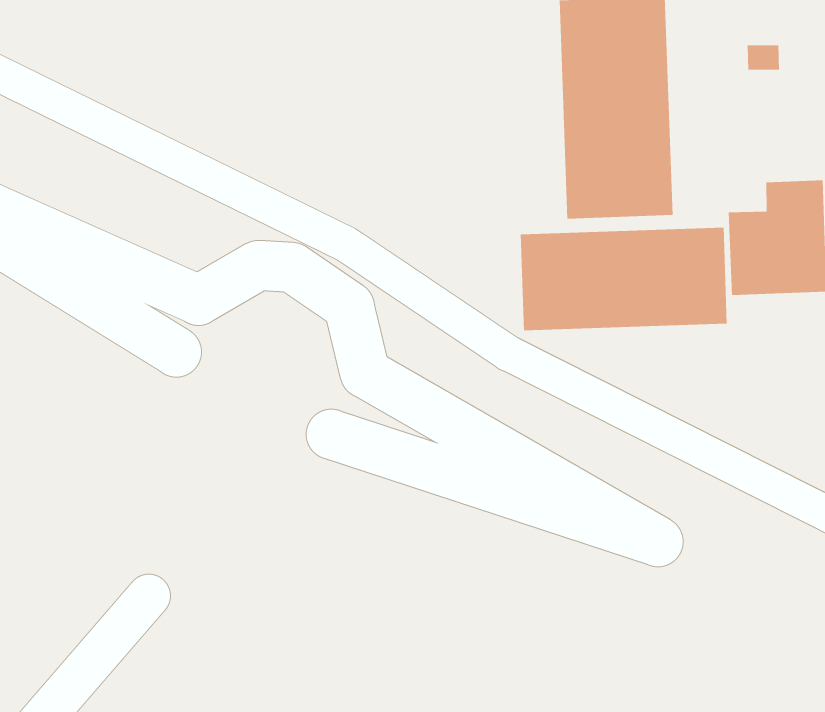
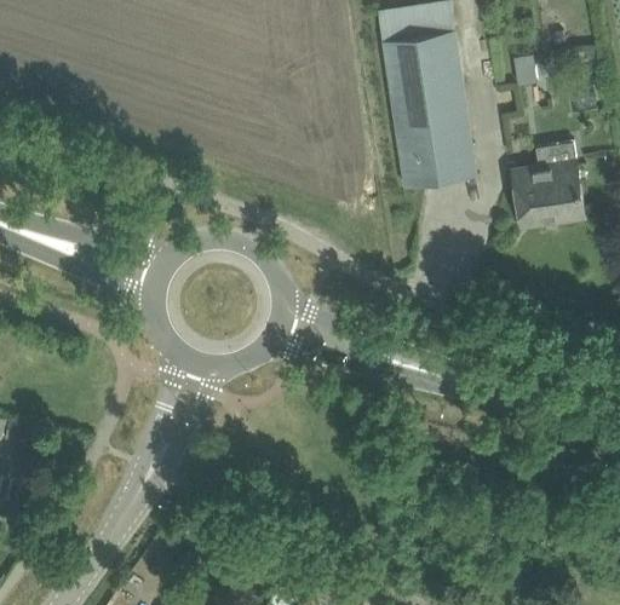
building: [520,227,727,331] -> none

